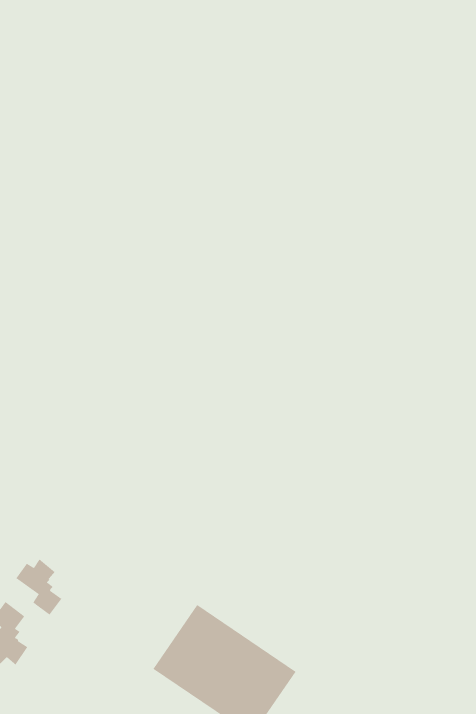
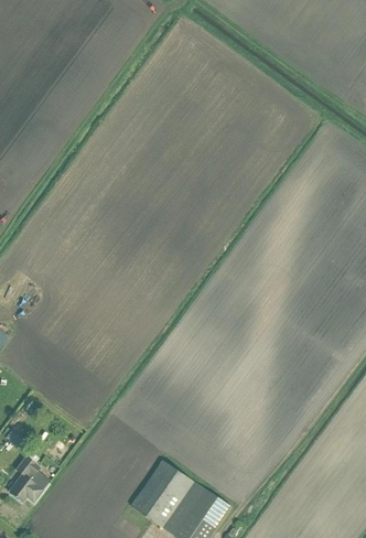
building: [15,559,62,616] -> none

